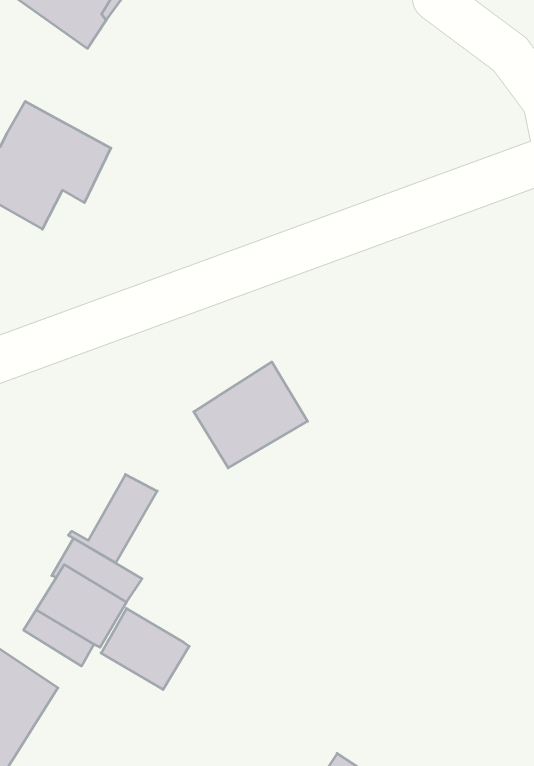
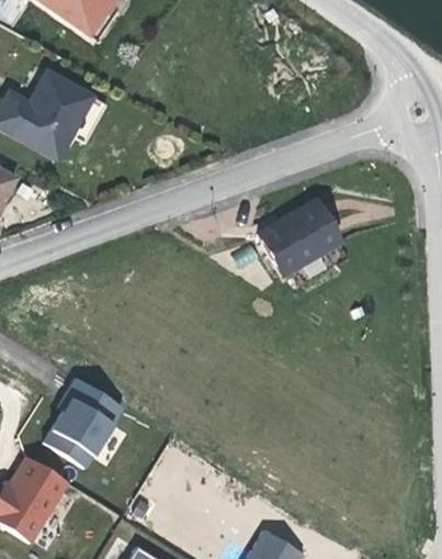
building: [194,362,308,468] -> [245,193,325,268]
building: [68,474,157,563] -> none
building: [101,608,189,690] -> none

